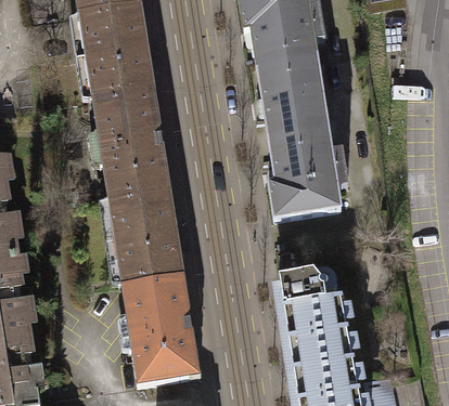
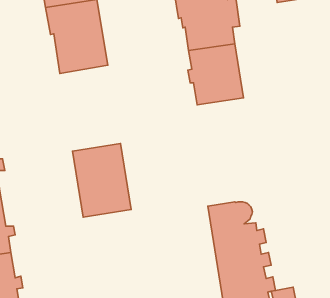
building: [91,90,169,200] -> none
building: [268,132,347,219] -> none
building: [121,275,200,383] -> none

